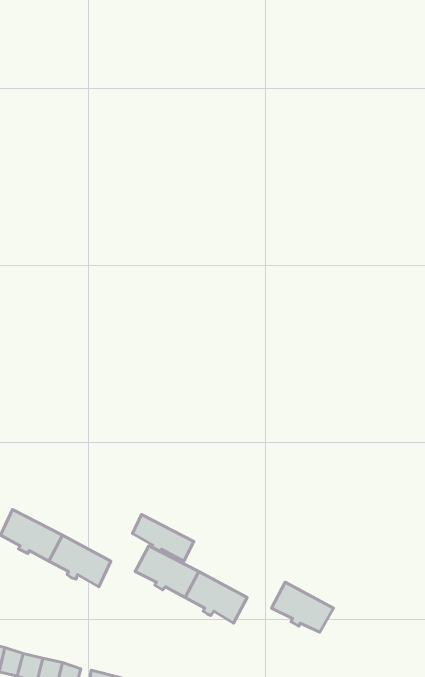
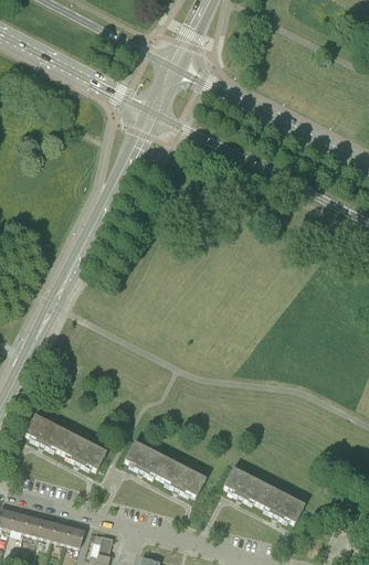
building: [133,515,194,561] -> none
building: none -> [259,484,305,521]

